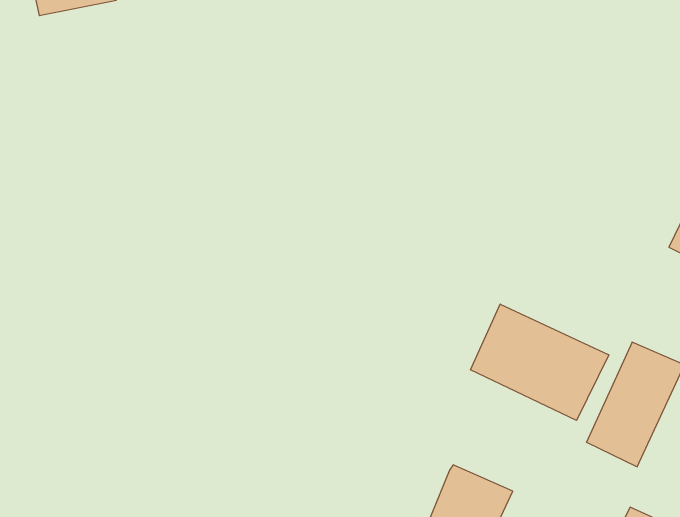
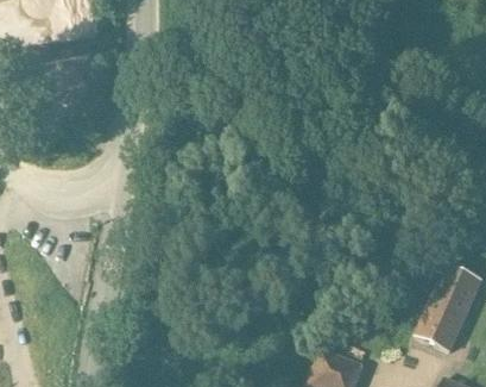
building: [471,304,609,420] -> none

